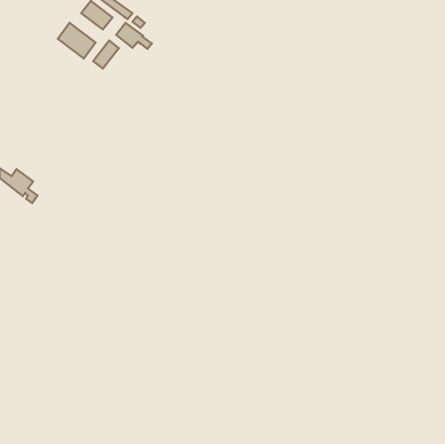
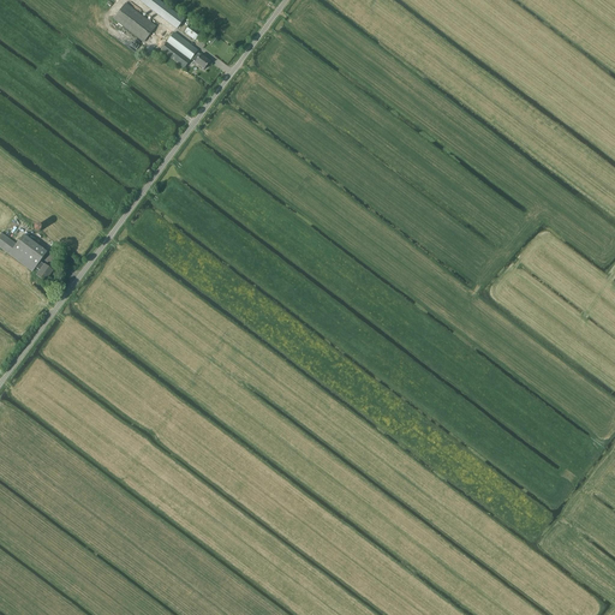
building: [58,23,96,59] -> none
building: [93,41,119,69] -> none

